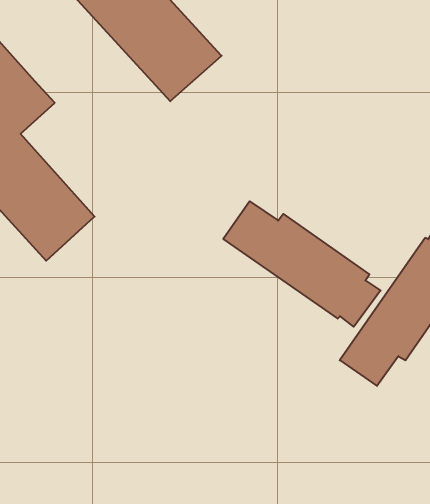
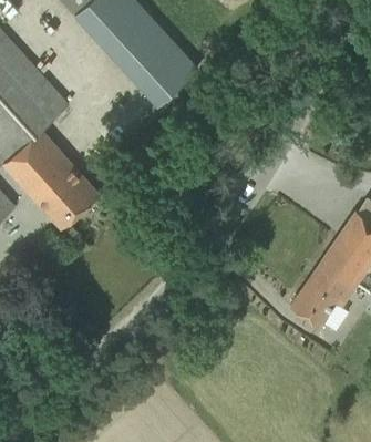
building: [223,201,381,327] -> none

